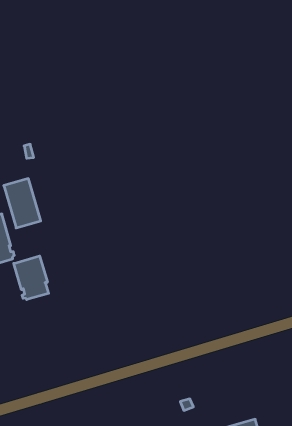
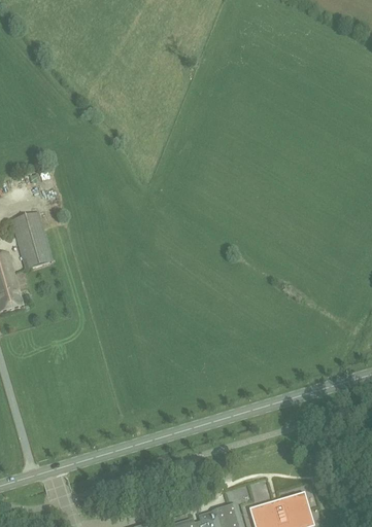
building: [14,256,49,300] -> none

